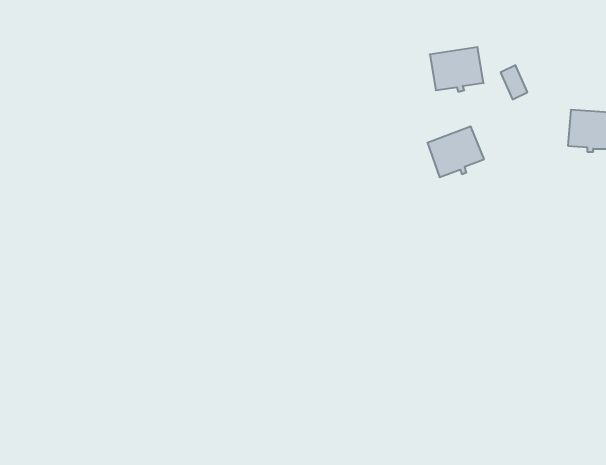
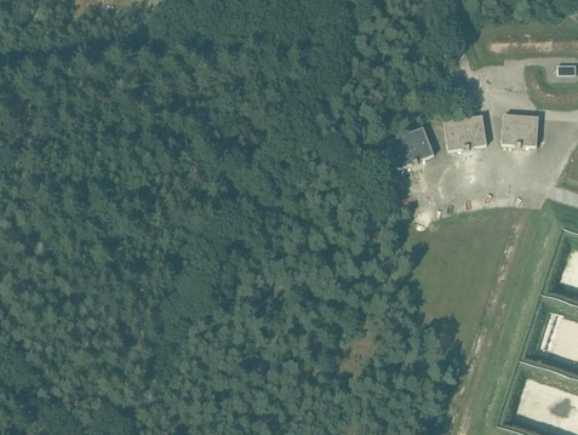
building: [430,47,484,92] -> [442,114,486,150]

